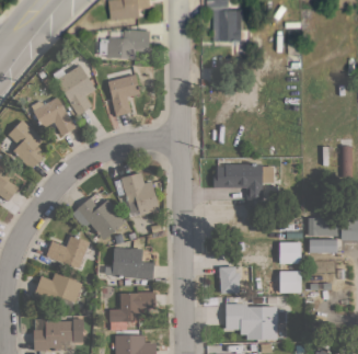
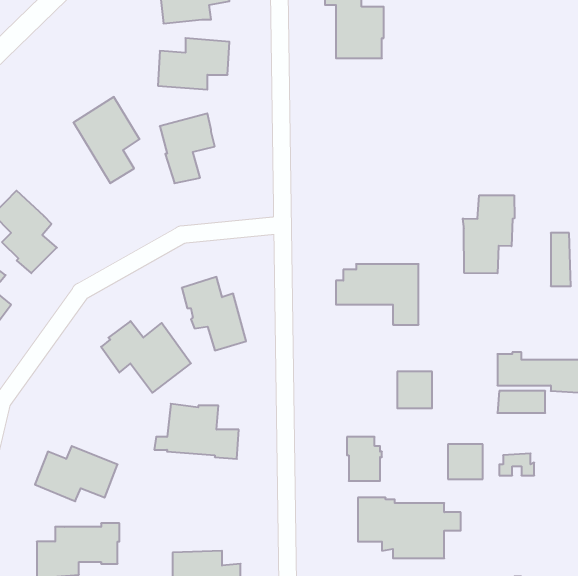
building: [33,96,76,135] -> none
building: none -> [463,195,514,273]
building: [46,235,90,269] -> none
building: [279,241,300,263] -> [397,372,432,408]
building: [109,292,155,321] -> none

